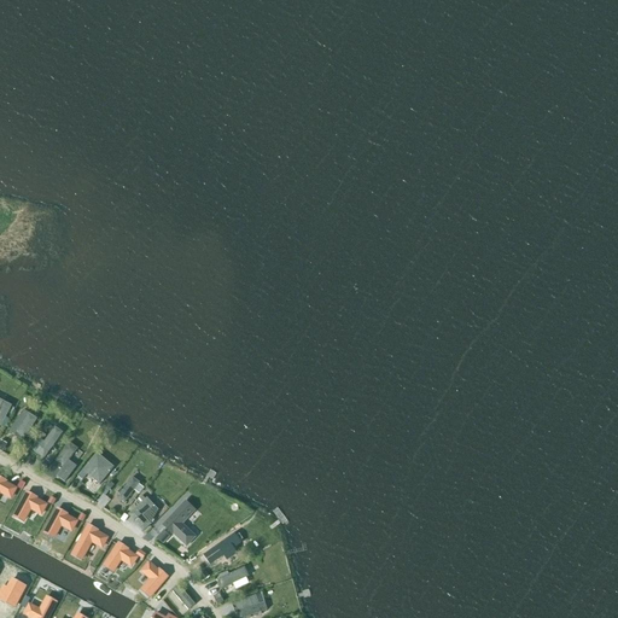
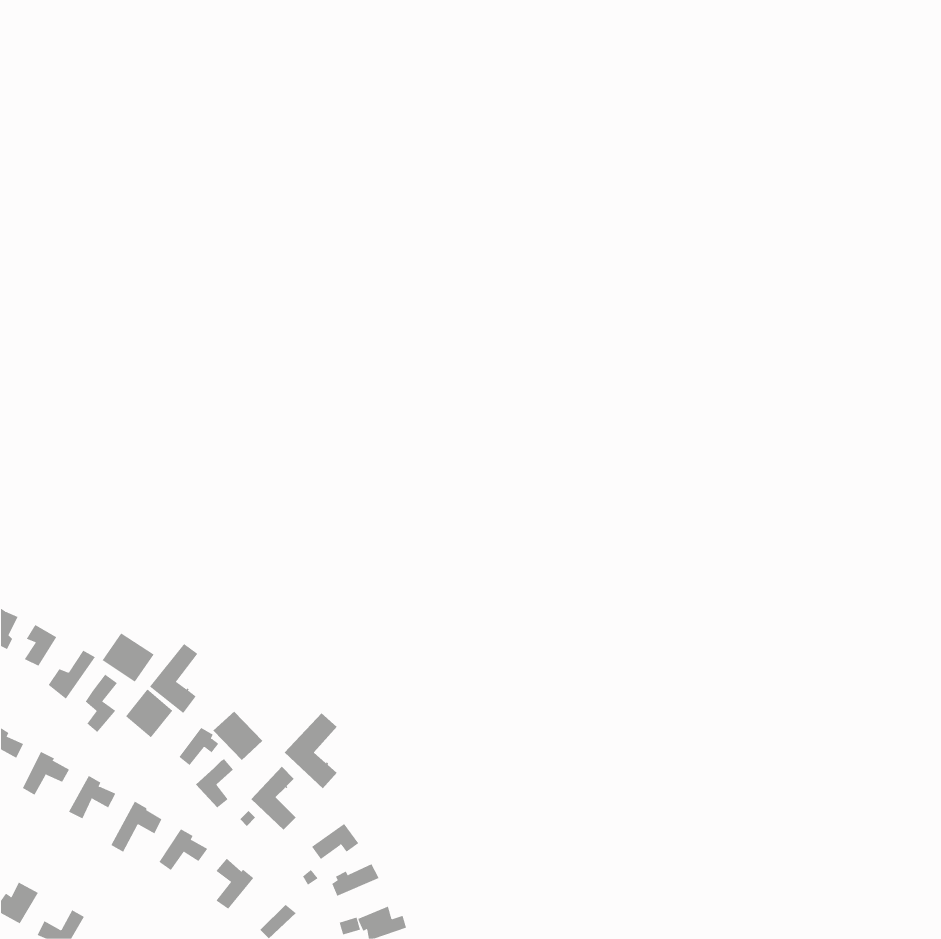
building: none -> [102,633,154,682]
building: none -> [149,643,198,714]
building: none -> [213,711,263,761]
building: none -> [284,713,337,789]

